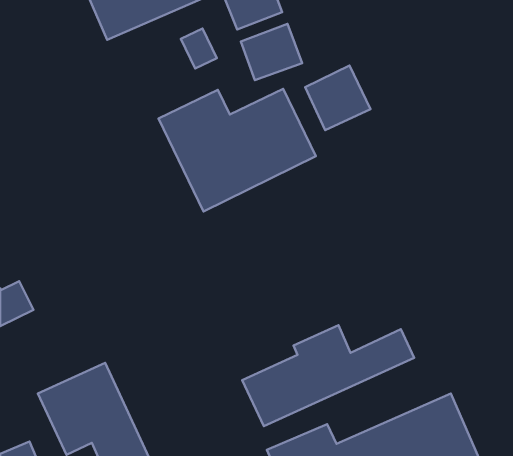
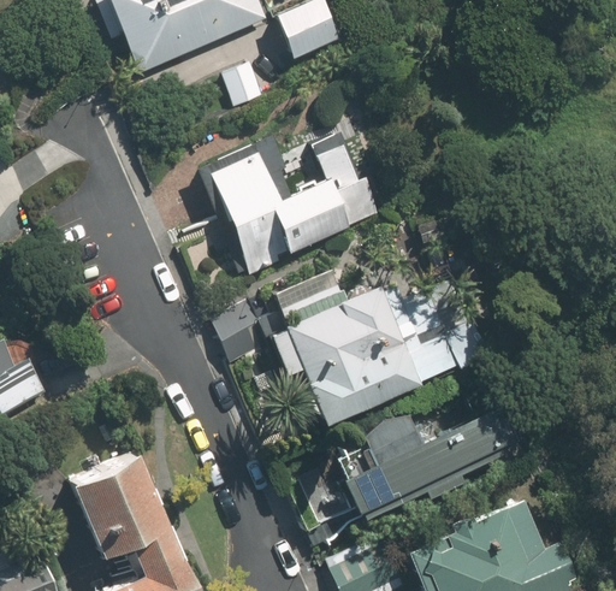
building: [241,24,302,80] -> none
building: [305,66,371,130] -> none
building: none -> [215,268,494,429]

